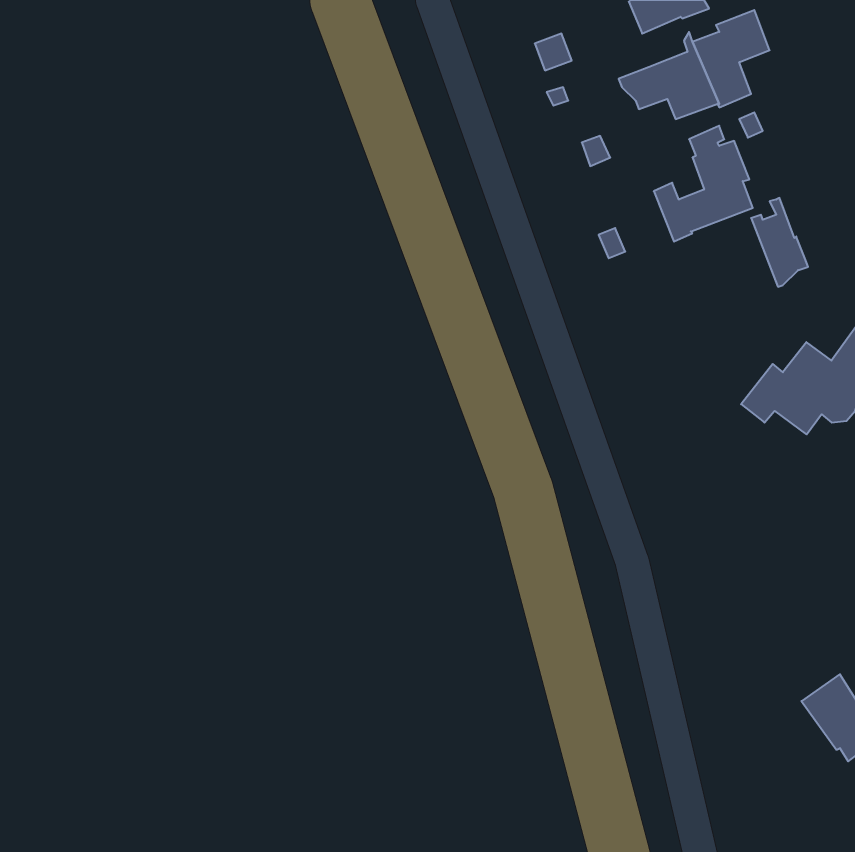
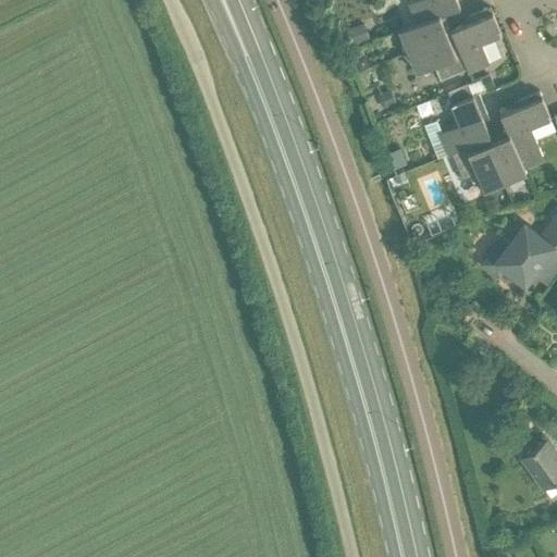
building: none -> [399,14,447,54]
building: none -> [498,94,549,171]
building: none -> [449,135,506,193]

